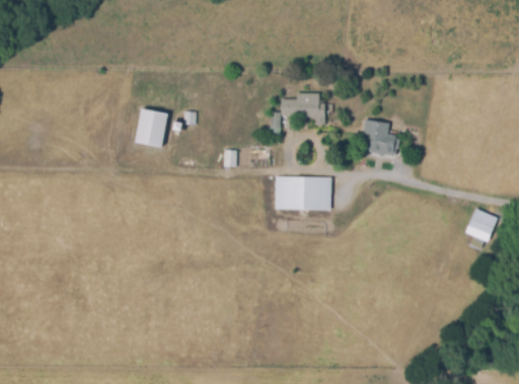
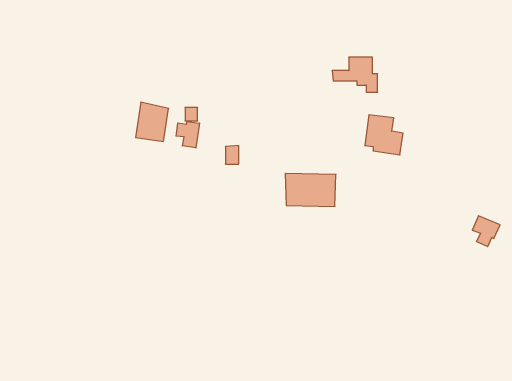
building: [280,92,324,127] -> [332,57,378,92]
building: none -> [176,122,200,148]

